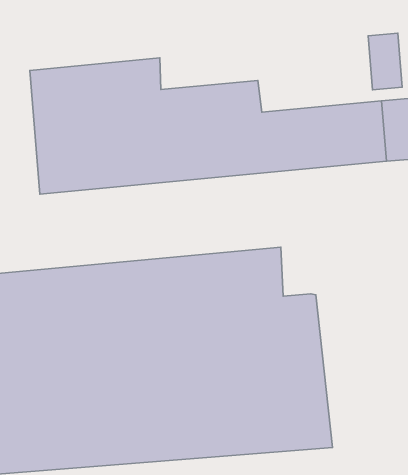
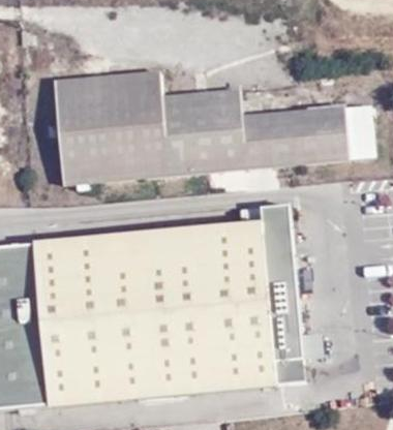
building: [368,33,402,90] -> none
building: none -> [261,209,286,263]

